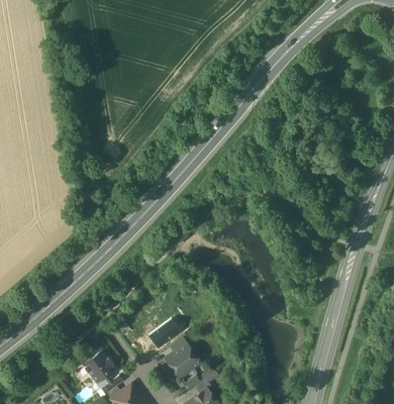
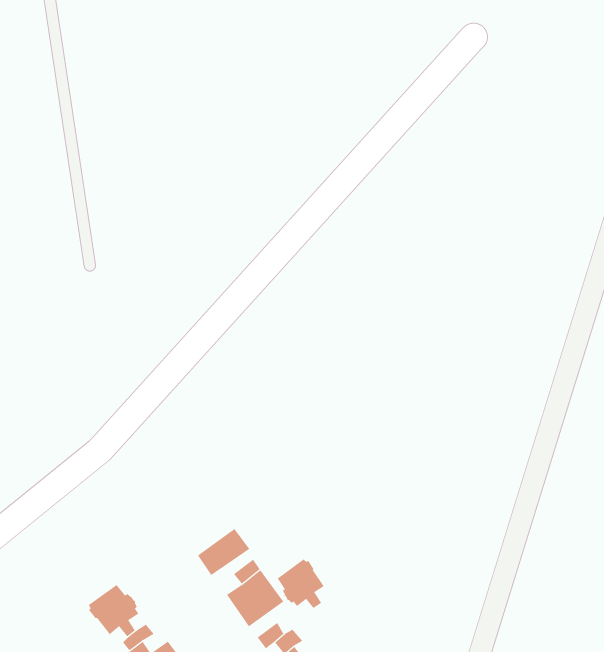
building: none -> [275,559,326,609]

